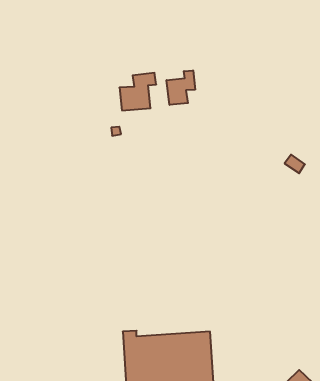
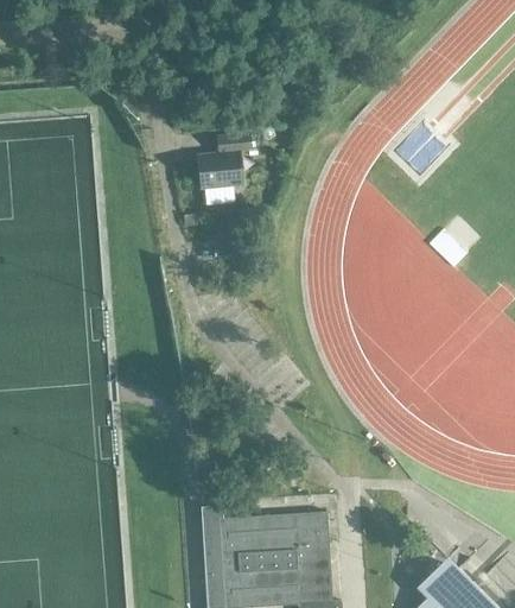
building: [167,70,195,105] -> none

